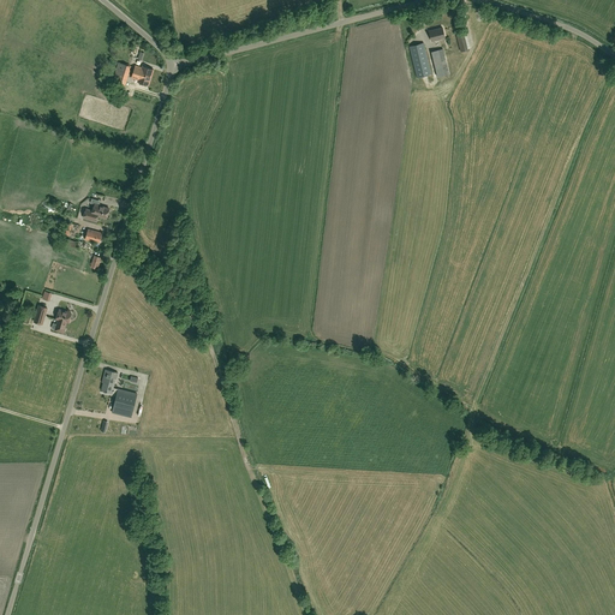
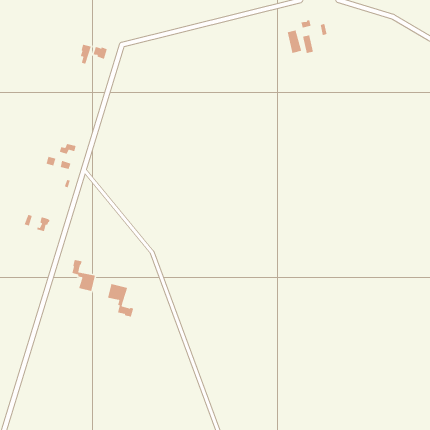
building: none -> [107,283,134,317]

